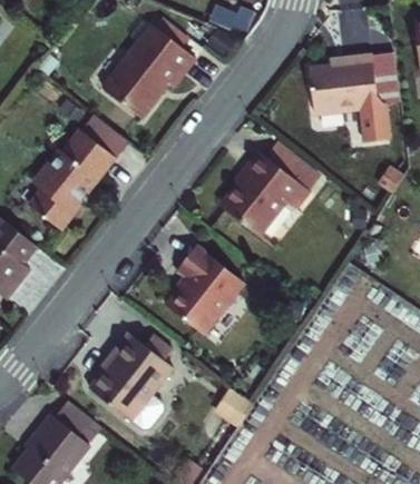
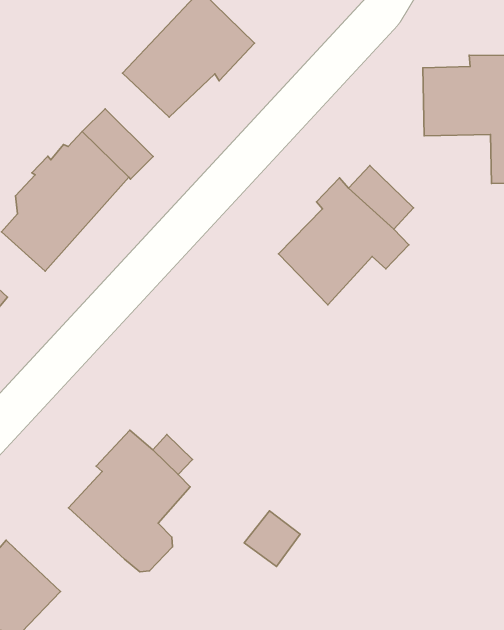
building: [165,246,242,336] -> none
building: [55,402,104,447] -> none

